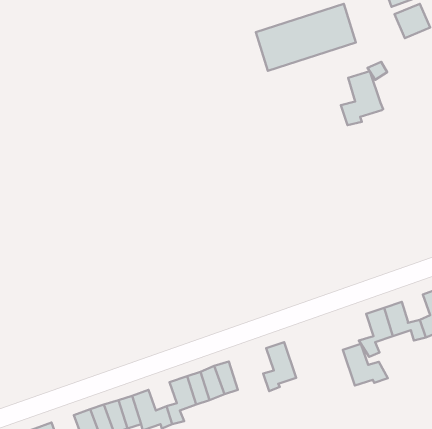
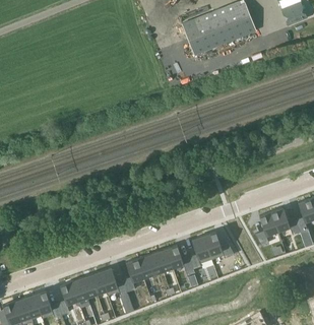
building: [341,71,383,125] -> none
building: [343,344,388,386] -> [204,230,235,258]
building: none -> [167,243,195,273]

